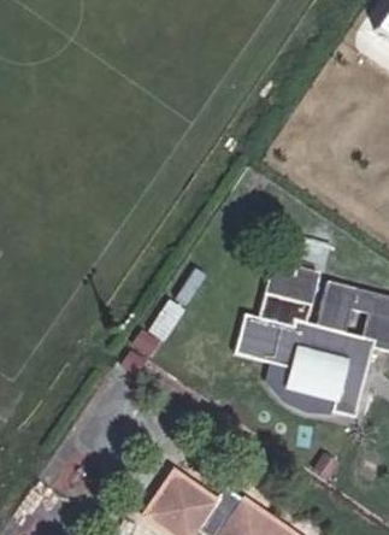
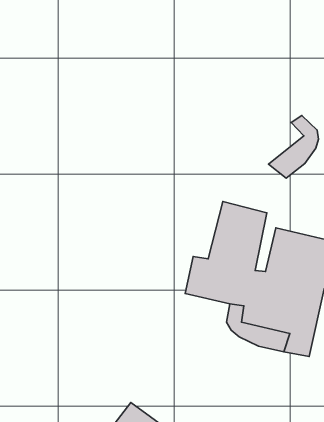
building: none -> [269,115,319,178]

